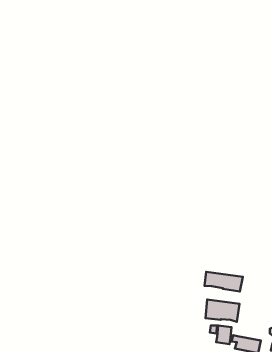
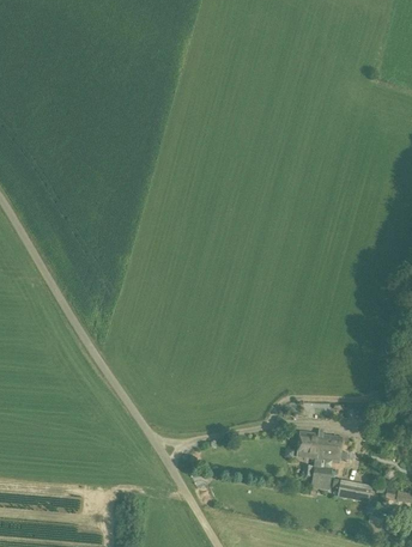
building: [205,272,243,292] -> none

